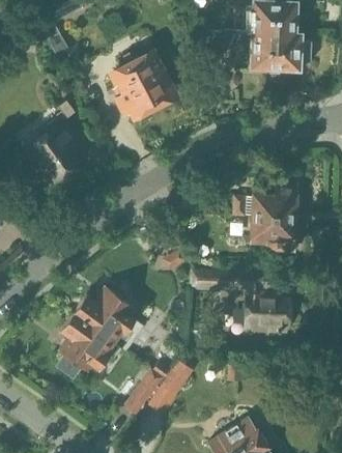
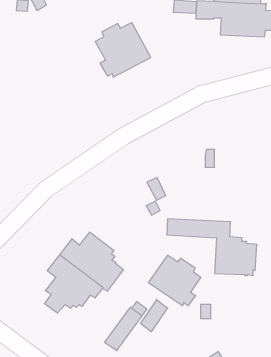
building: [23,102,87,186] -> none
building: [252,185,296,250] -> none
building: none -> [149,255,201,306]

